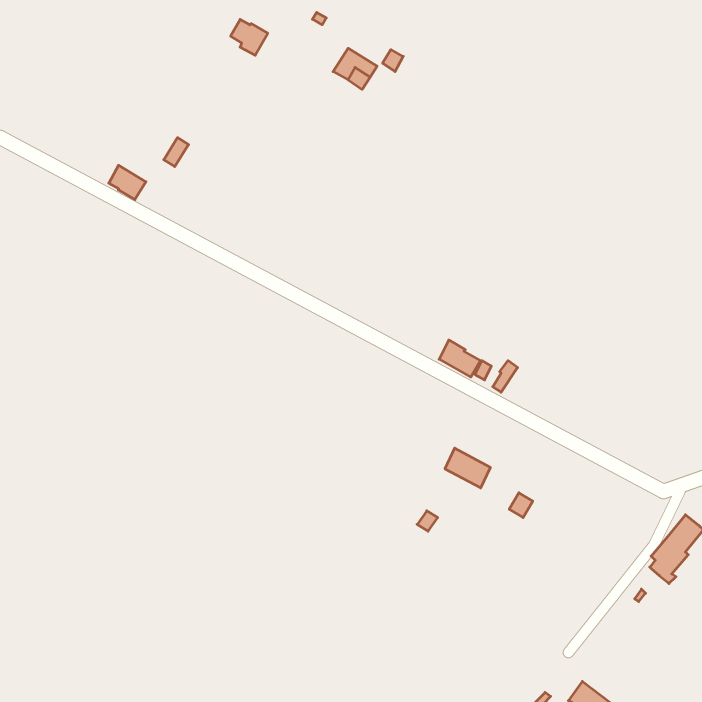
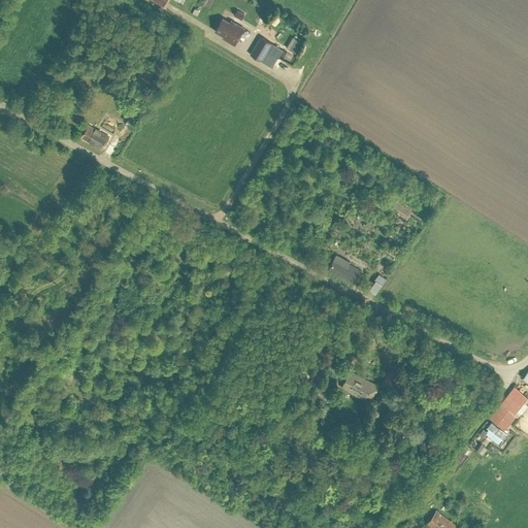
building: [231,19,268,55] -> [217,19,244,45]
building: [445,448,490,488] -> [343,371,377,401]

